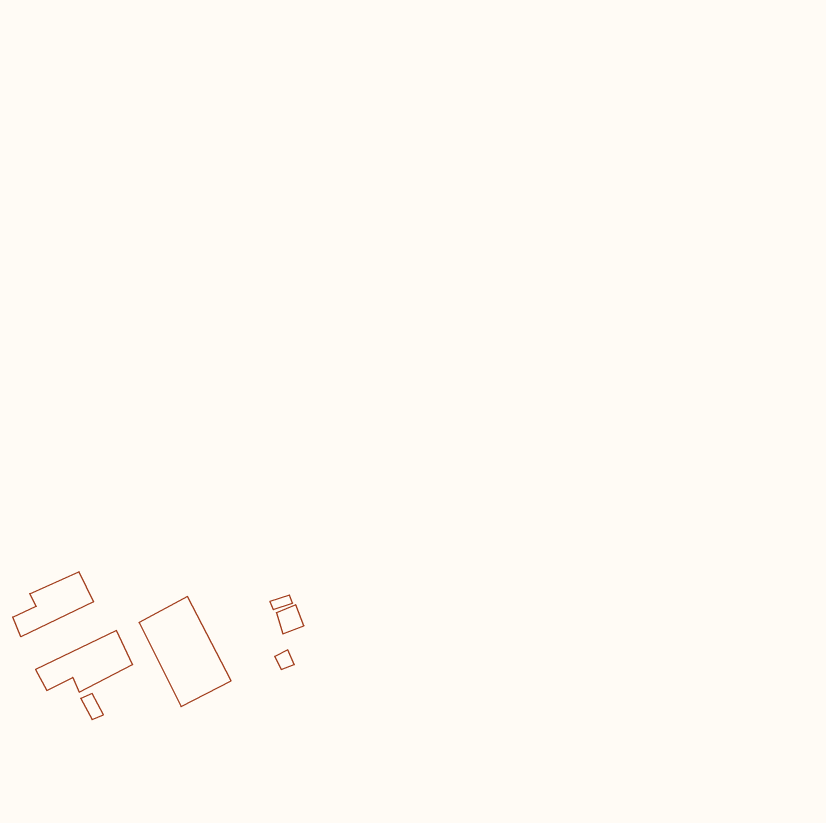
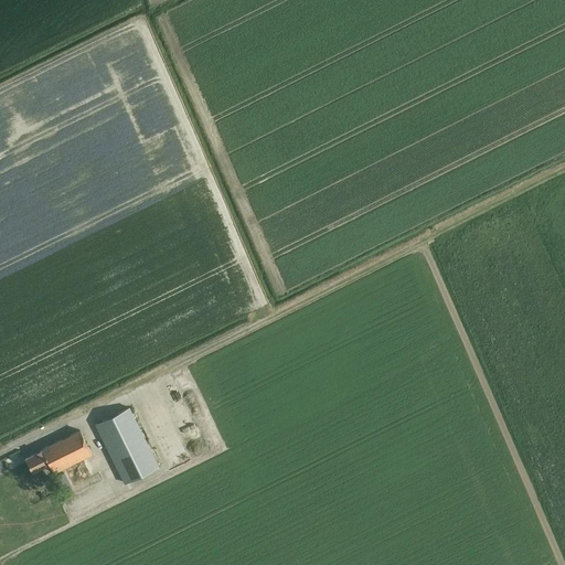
building: [13,572,93,637] -> none

